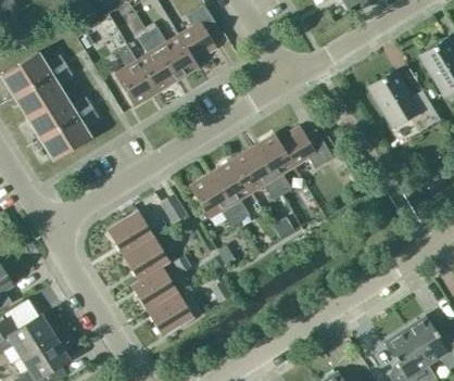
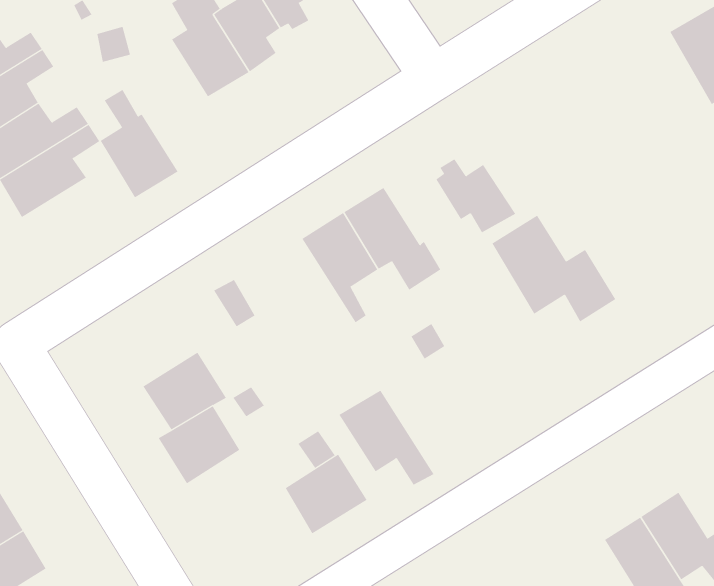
building: [115,45,160,106] -> [100,89,179,198]
building: [369,71,440,131] -> [492,215,616,322]
building: [260,134,303,175] -> none
building: [189,172,243,226] -> [339,390,434,486]
building: [106,209,154,255] -> none
building: [148,291,194,336] -> [285,454,367,534]

